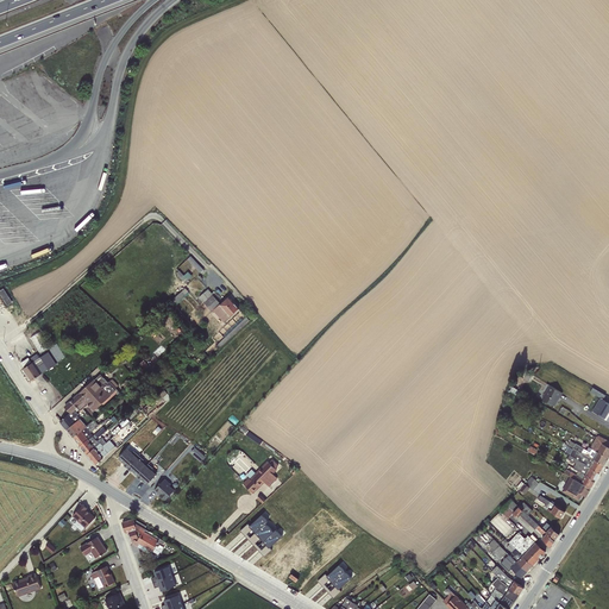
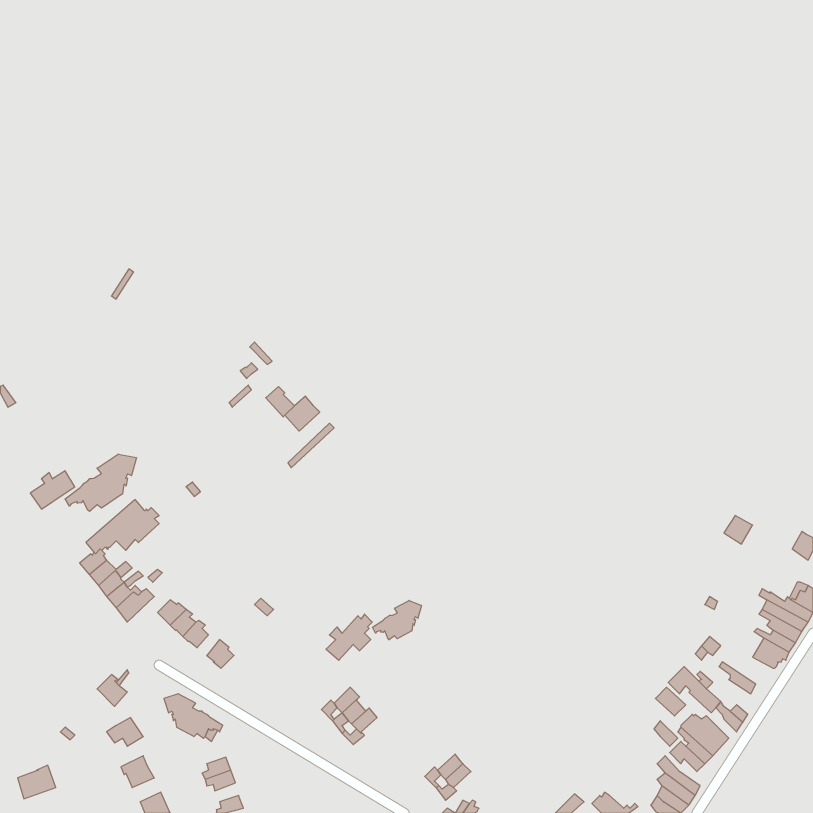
building: none -> [65,454,136,511]
building: none -> [372,600,421,640]

